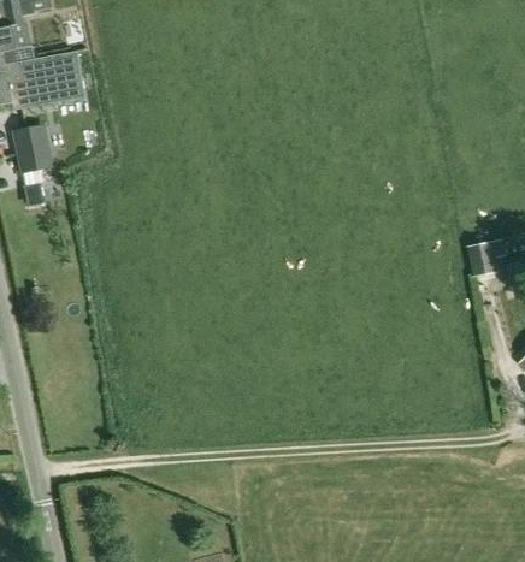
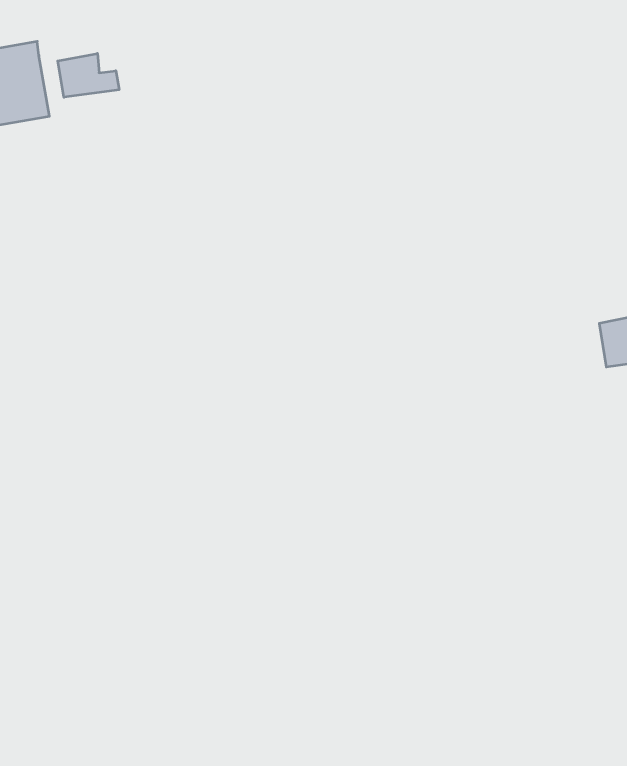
building: none -> [58,53,119,97]

